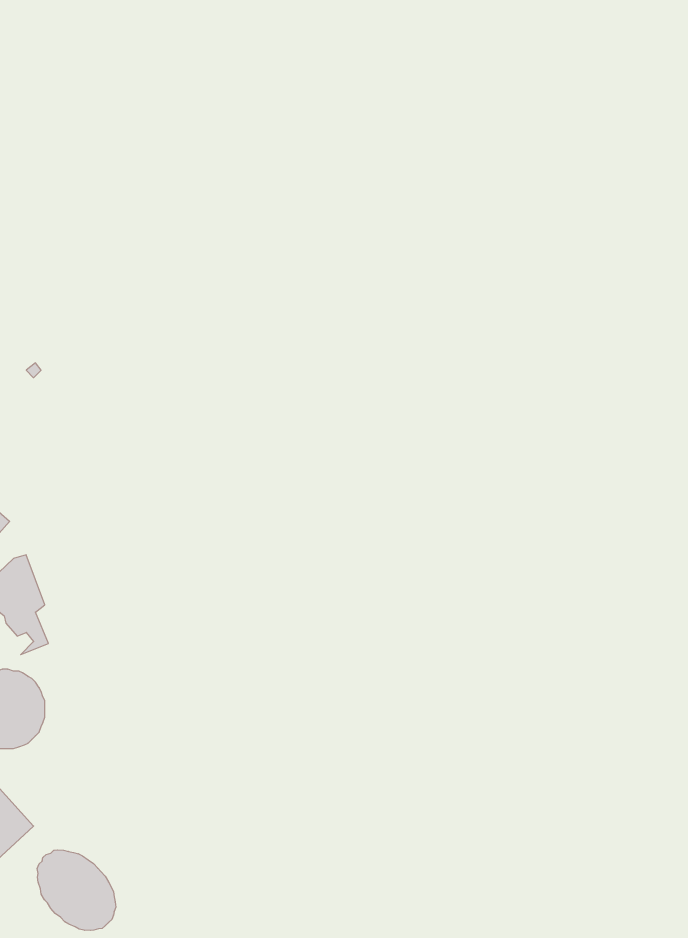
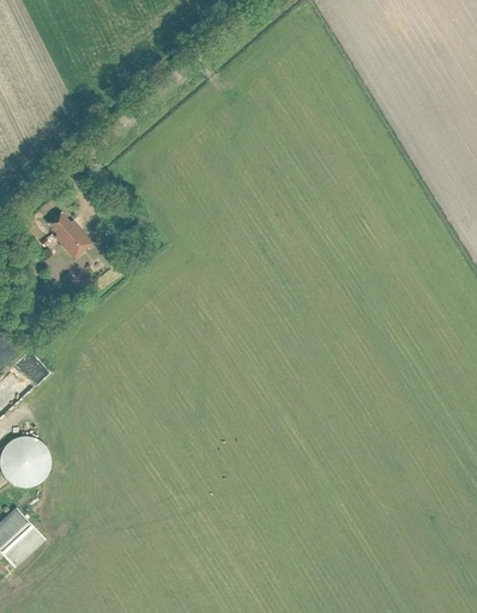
building: none -> [48,213,90,257]
building: [37,850,116,930] -> none

